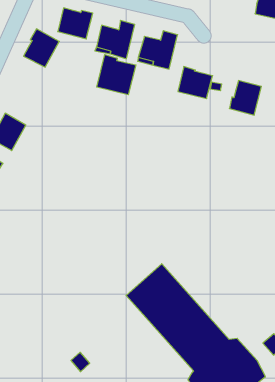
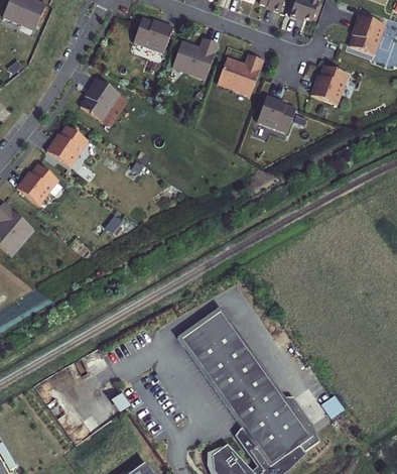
building: [24,29,59,67] -> [80,78,120,120]
building: [97,55,136,95] -> none
building: [229,81,261,115] -> [310,65,348,104]

